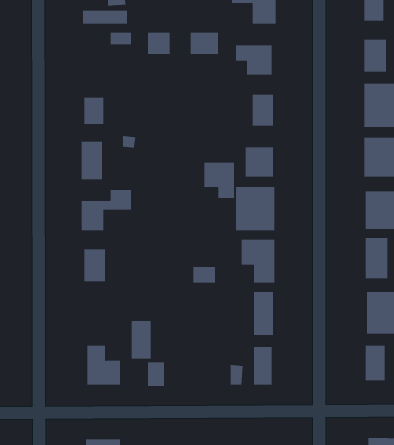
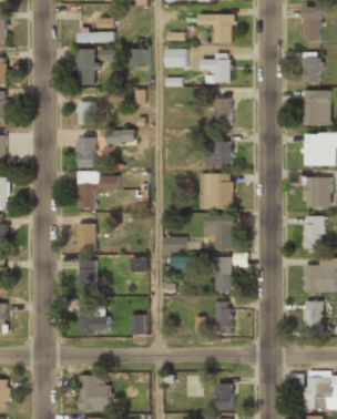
building: none -> [76,49,96,84]
building: [204,162,235,199] -> none
building: [131,320,152,359] -> [80,258,96,289]

